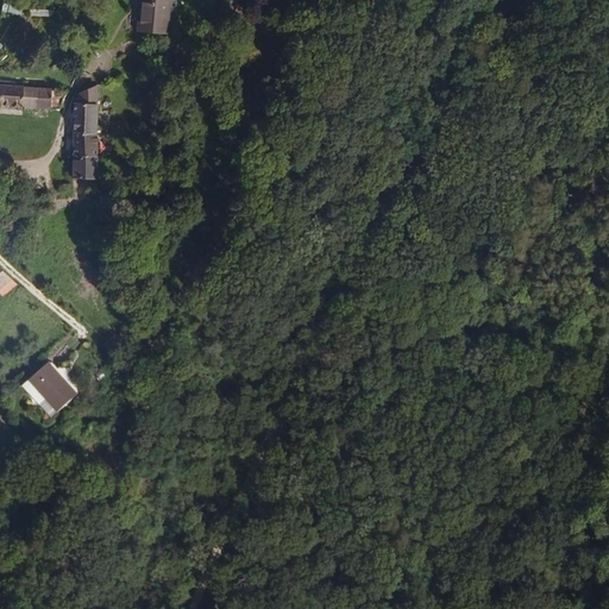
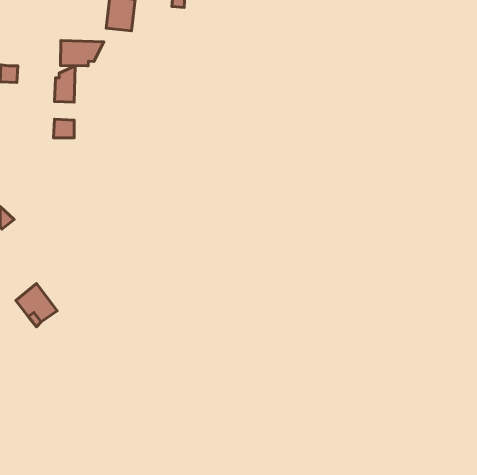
building: none -> [61,41,104,66]
building: [25,83,51,106] -> none
building: [73,128,98,152] -> none

